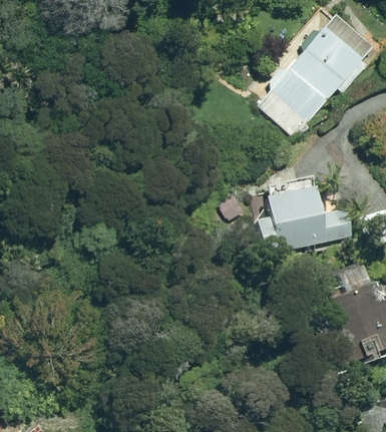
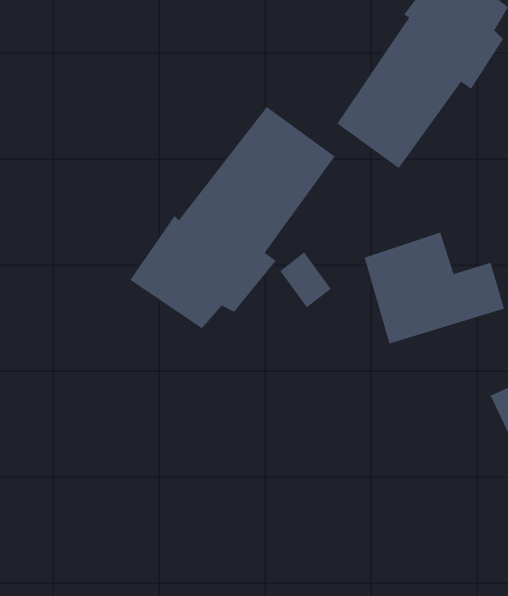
building: none -> [130,106,336,329]

